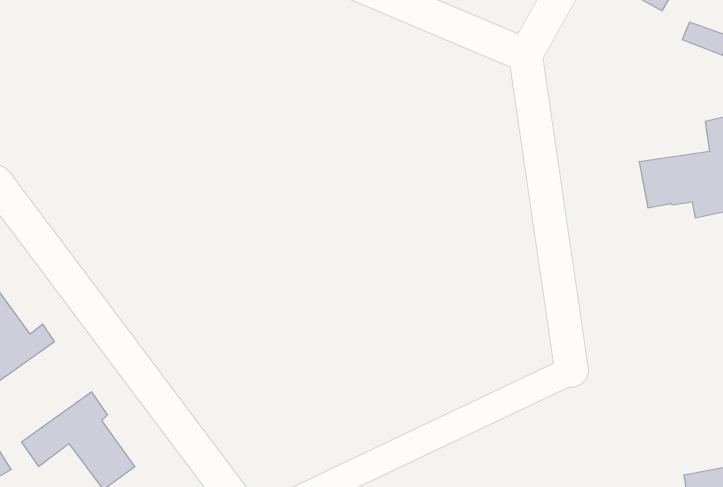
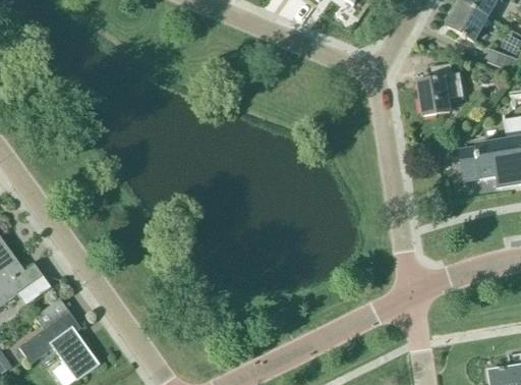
building: none -> [416,63,462,115]

